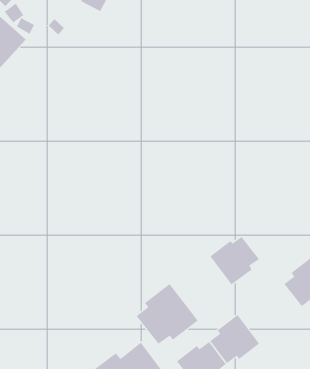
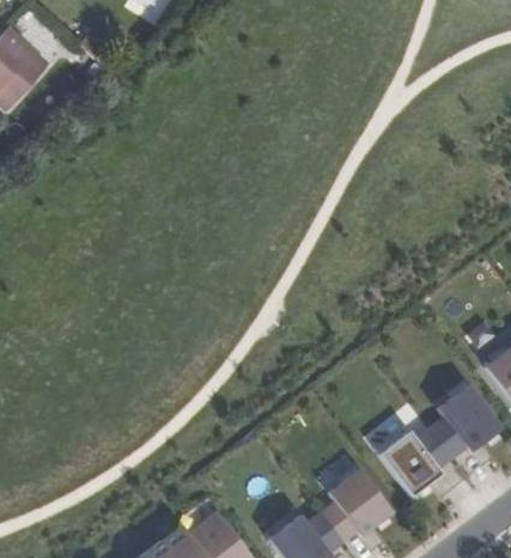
building: [209,236,260,285] -> [379,424,454,496]
building: [136,283,198,345] -> none

